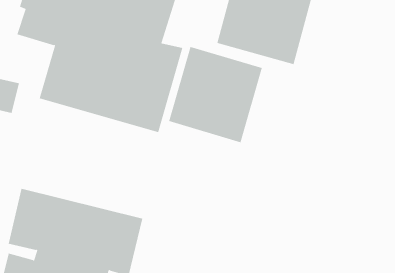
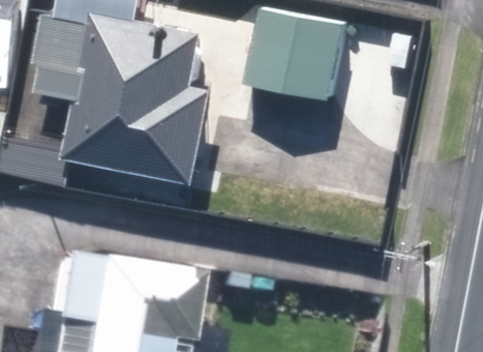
building: [169,46,262,143] -> none

